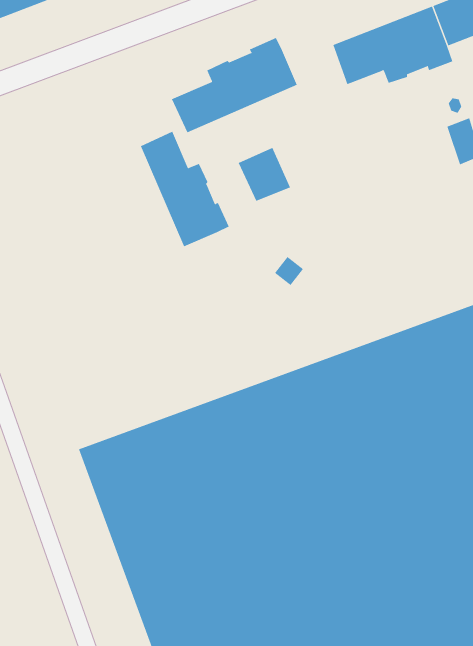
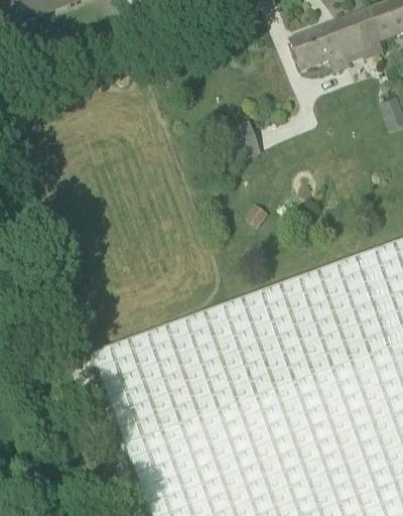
building: [171,37,298,133] -> none
building: [140,131,229,247] -> none

